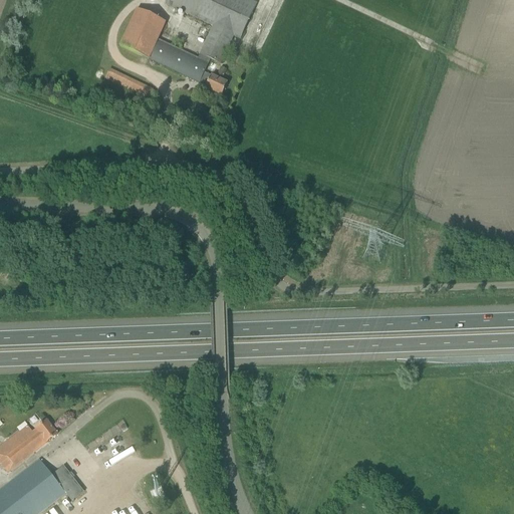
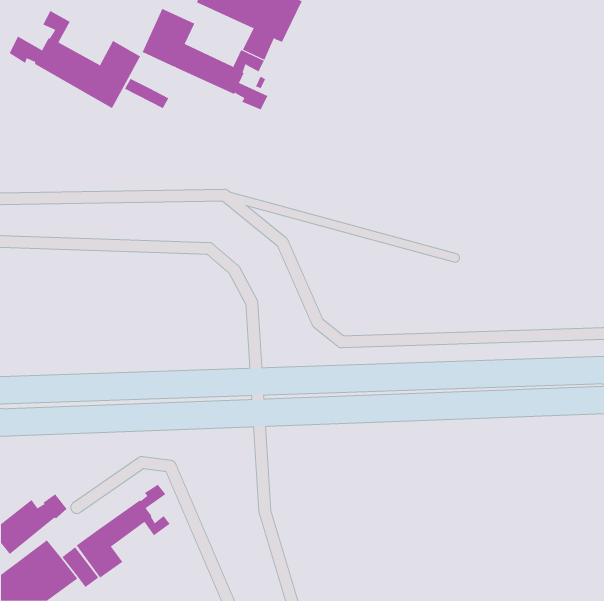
building: none -> [9,10,141,109]
building: none -> [76,484,170,579]

